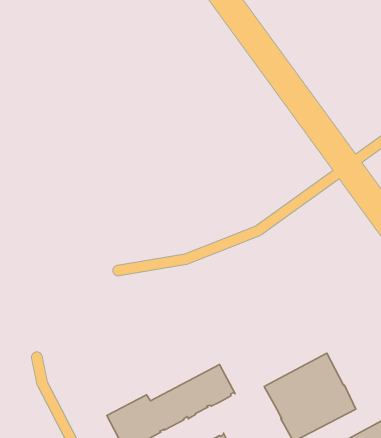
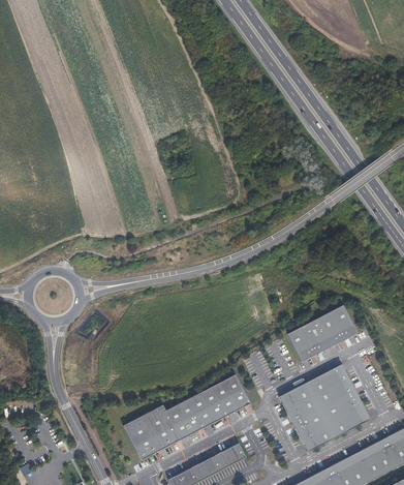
building: none -> [287,304,356,361]

